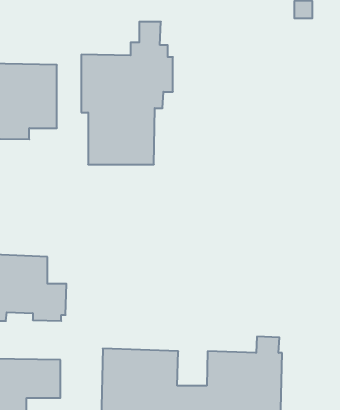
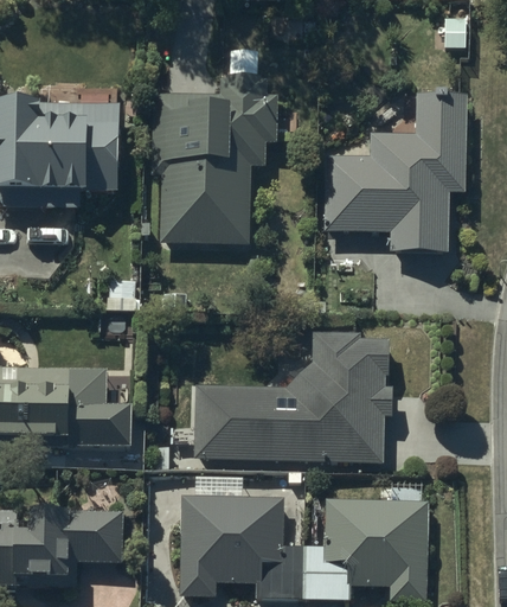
building: none -> [325,91,468,250]
building: none -> [194,333,392,462]

